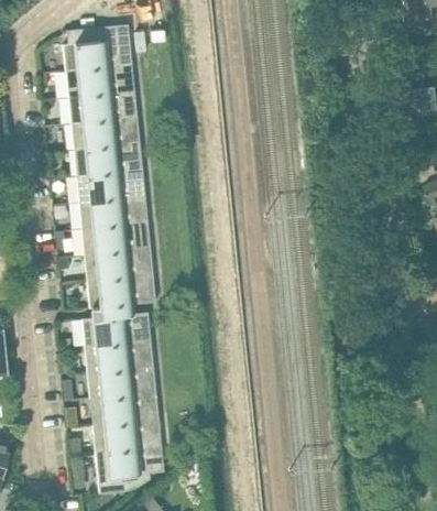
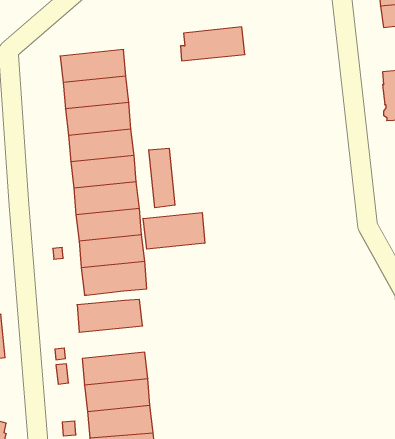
building: [64,24,131,59] -> [180,27,245,61]
building: none -> [149,148,175,208]
building: none -> [143,213,205,249]
building: [85,340,153,374] -> none

